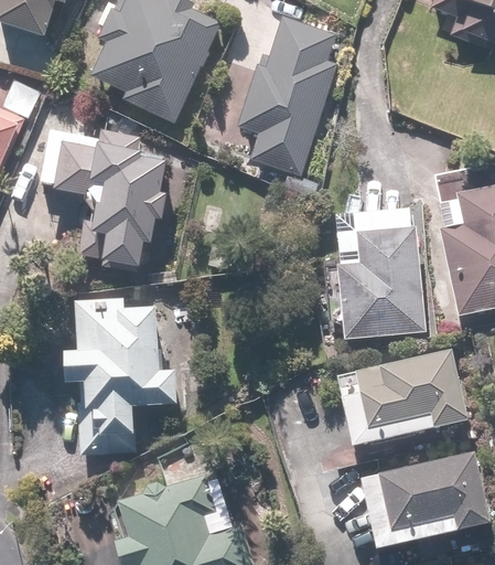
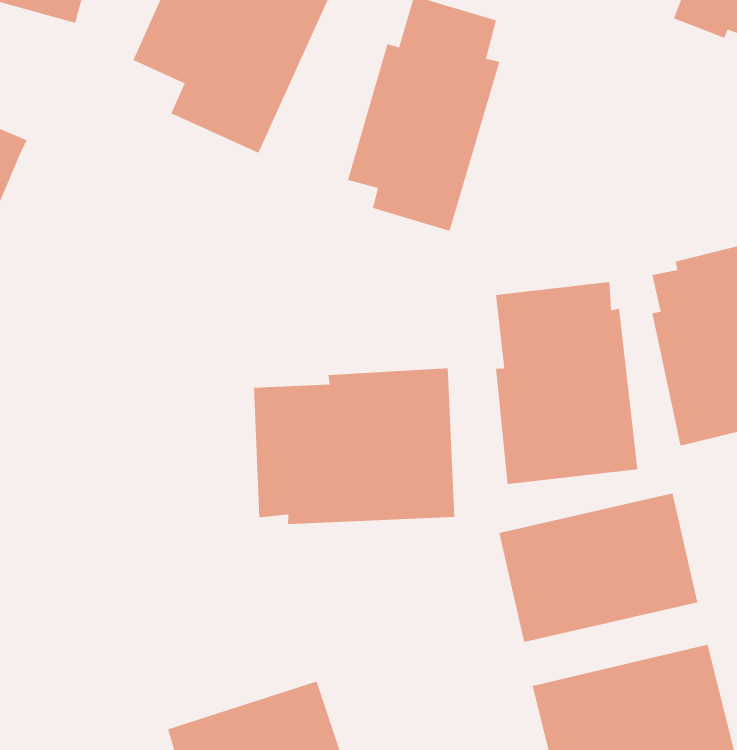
building: [39,126,163,264] -> none
building: none -> [253,367,455,525]
building: [60,300,176,450] -> none

